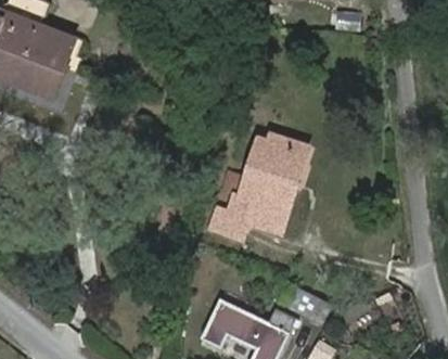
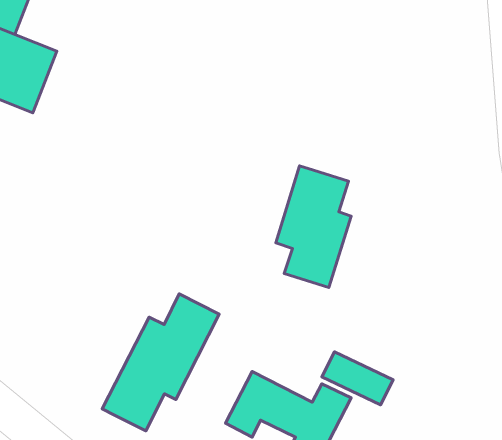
building: [208,195,253,242] -> none
building: none -> [102,294,219,431]

